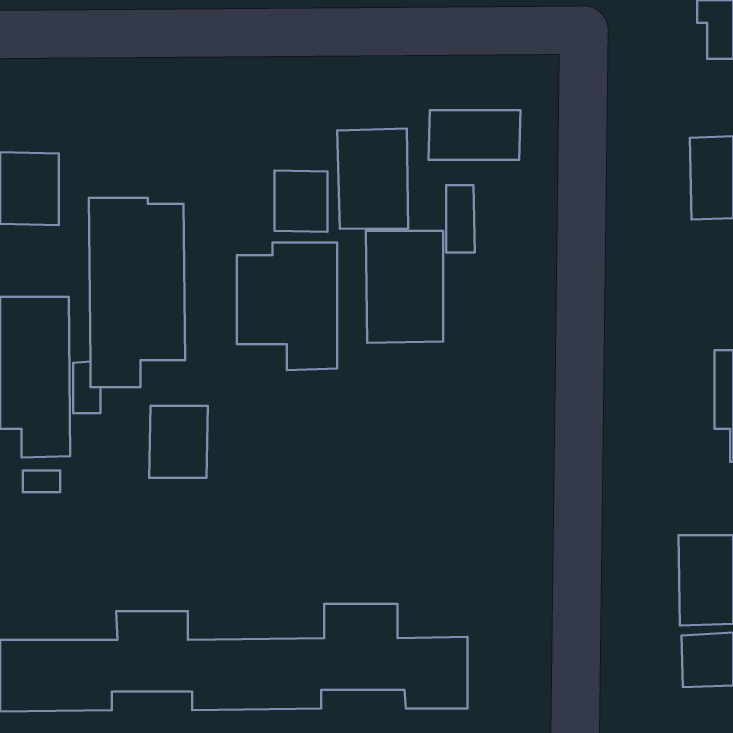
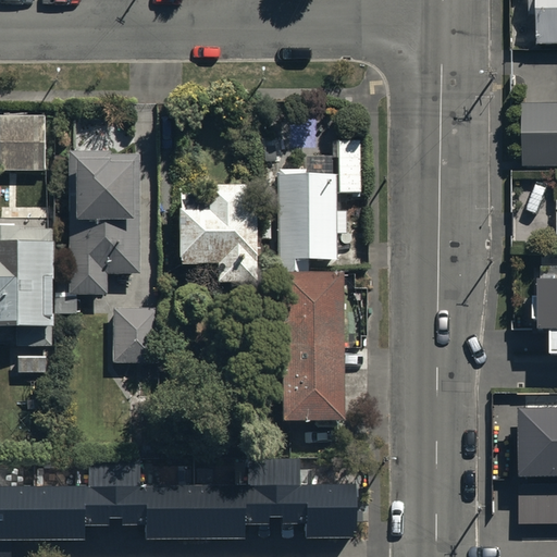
building: [428,110,521,160] -> none
building: [337,129,408,229] -> none
building: [275,171,328,232] -> none
building: none -> [282,273,342,420]

